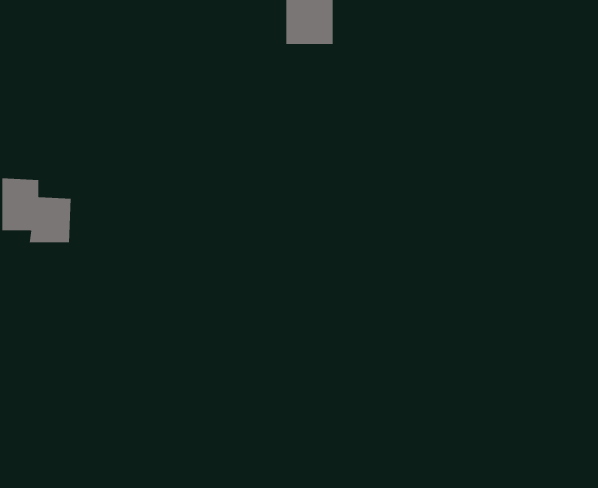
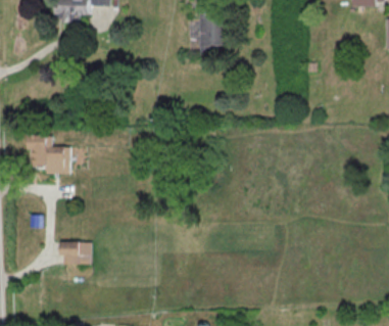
building: none -> [58,242,89,264]

